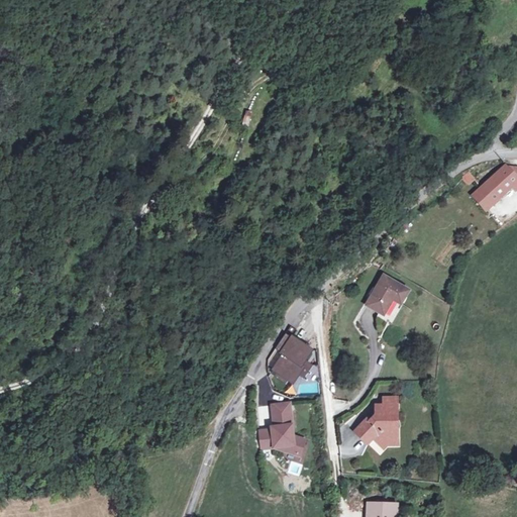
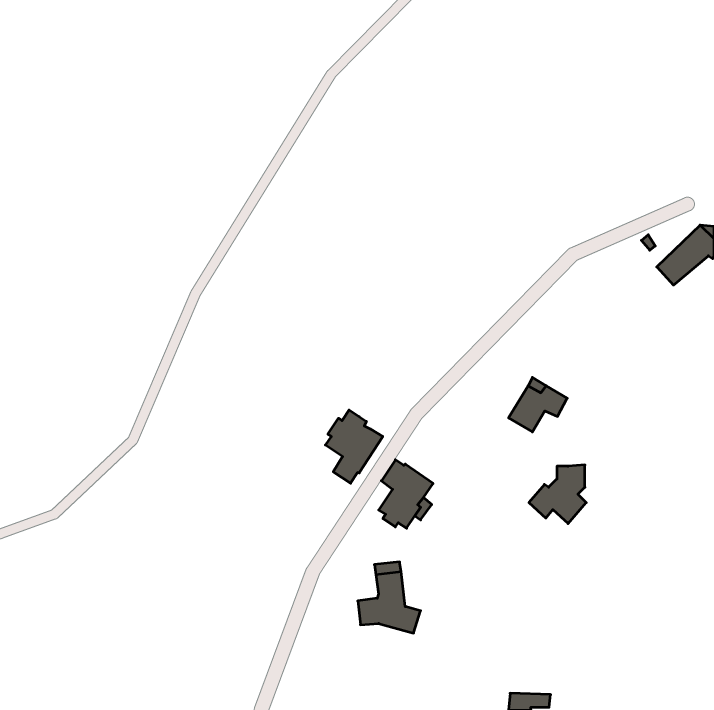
building: none -> [325,410,383,483]
building: [355,405,397,447] -> [529,465,586,524]

